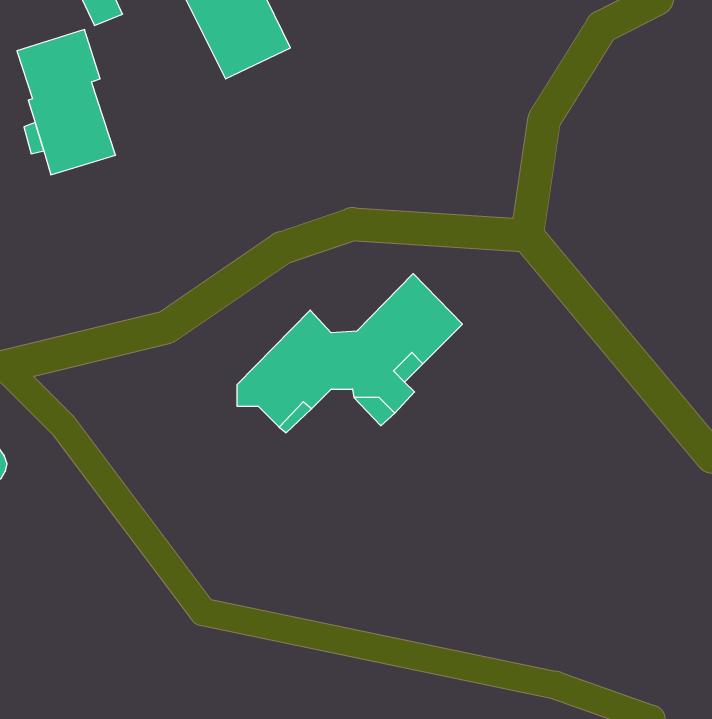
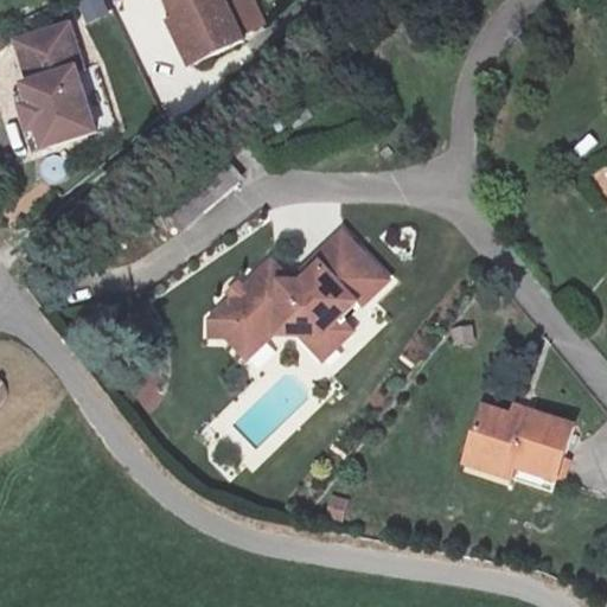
building: none -> [461,403,570,477]

